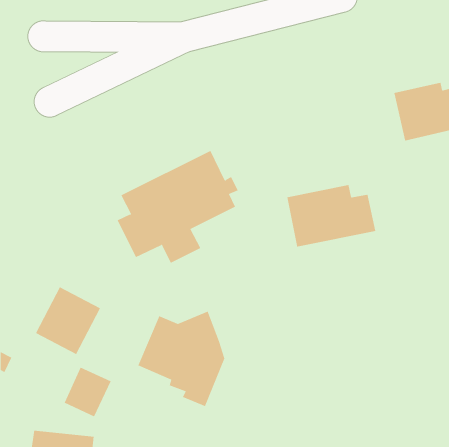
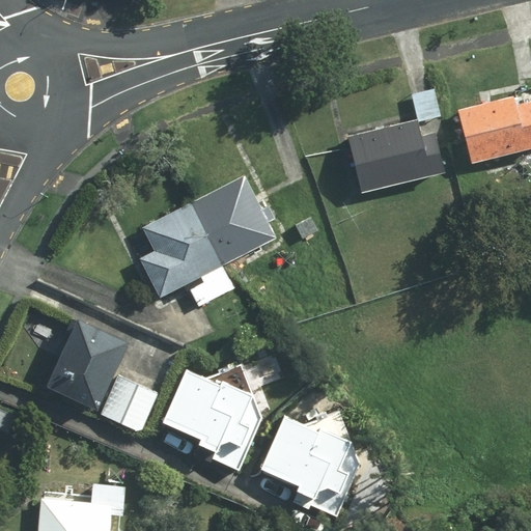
building: [287,184,376,247] -> [345,119,449,192]
building: none -> [259,407,352,510]
building: [64,367,111,417] -> [106,372,161,430]

